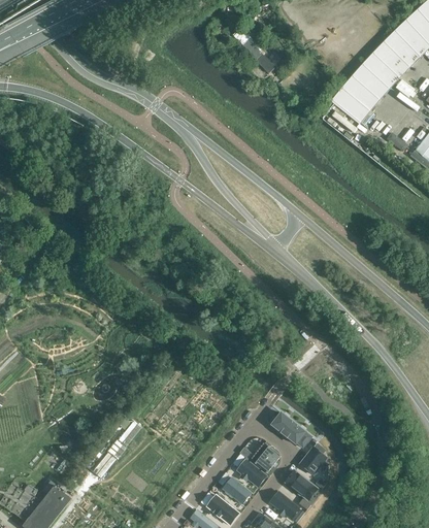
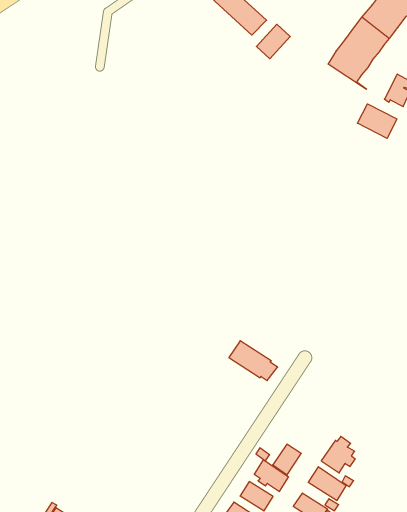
building: none -> [256,24,290,59]
building: none -> [357,104,397,138]
building: [269,411,312,450] -> [229,341,278,381]

